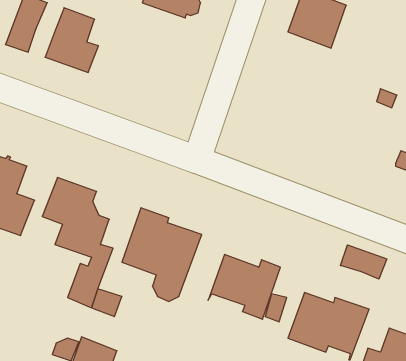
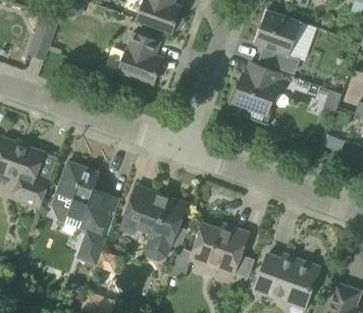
building: [45,8,98,72] -> [118,32,161,84]
building: none -> [232,62,280,123]
building: [340,245,387,279] -> none

